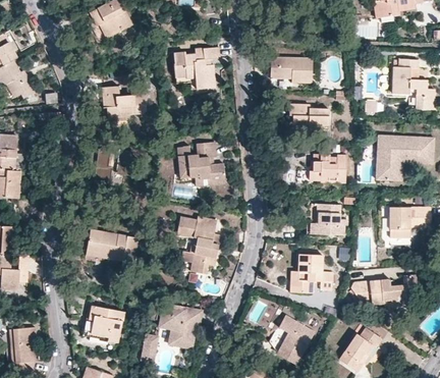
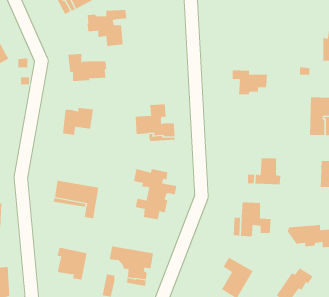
building: [173,47,219,89] -> [87,10,127,46]
building: [270,57,312,83] -> none
building: [308,154,345,182] -> none

